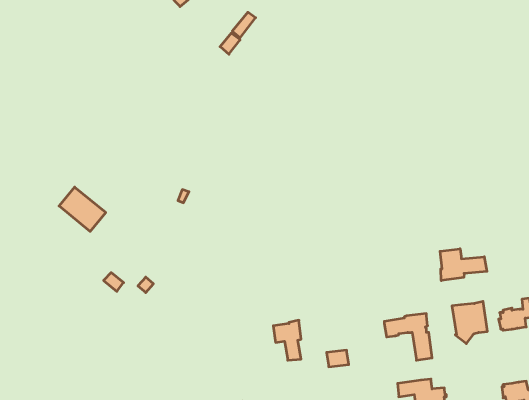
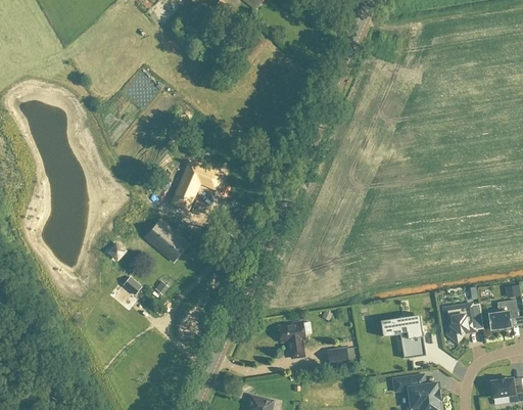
building: none -> [173,161,221,209]
building: [59,187,106,231] -> [145,221,188,262]
building: [440,249,487,281] -> none

